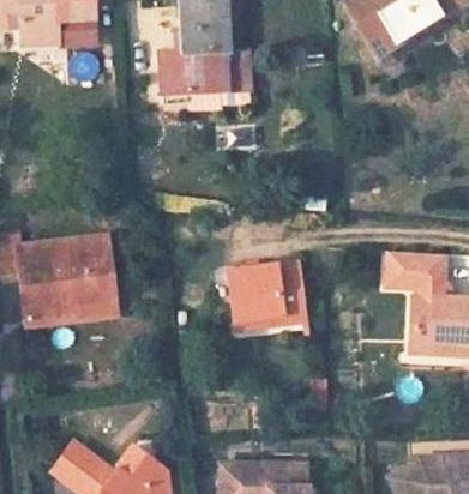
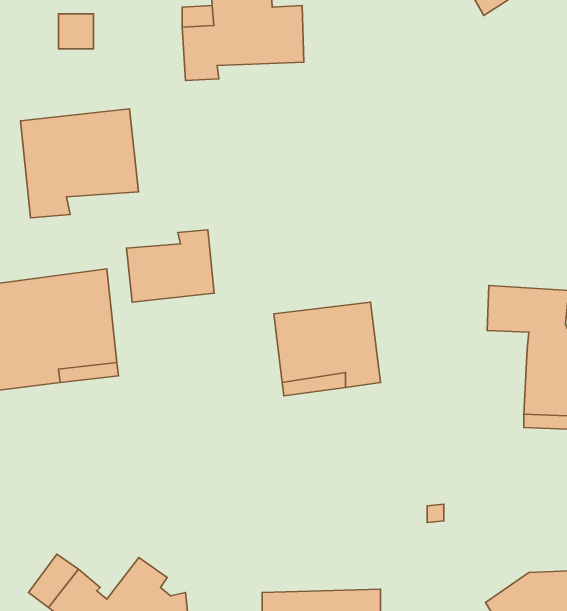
building: none -> [20,109,138,218]
building: none -> [126,230,214,302]

